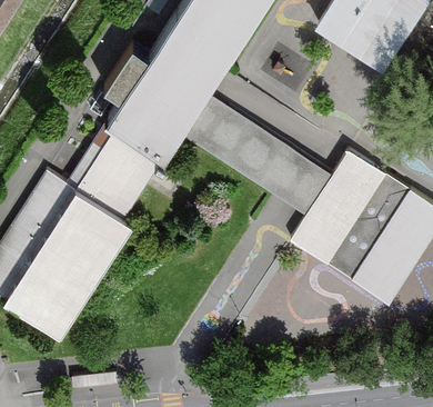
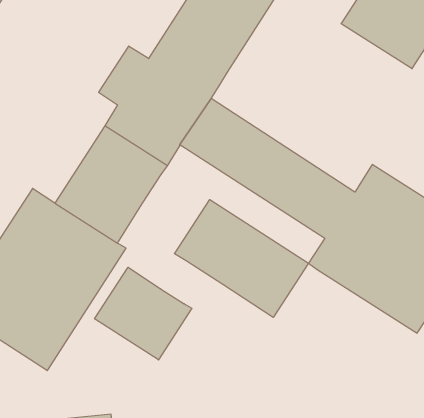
building: none -> [174,200,309,317]
building: none -> [95,267,192,360]

